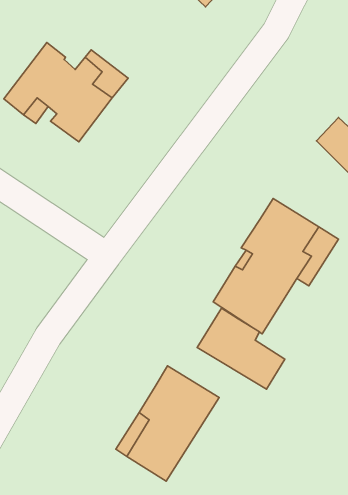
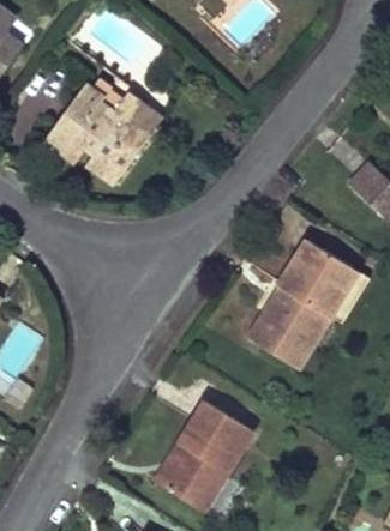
building: [197,308,285,389] -> none

